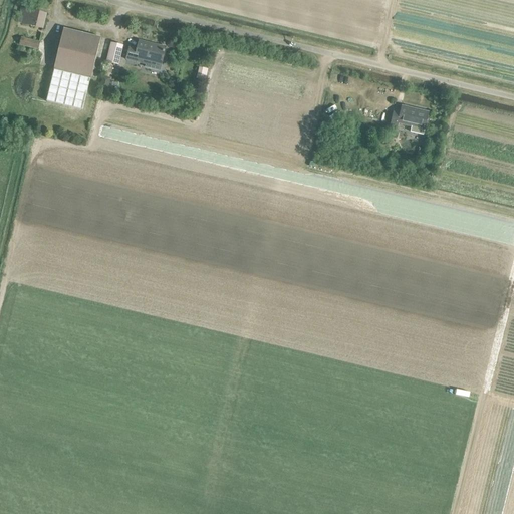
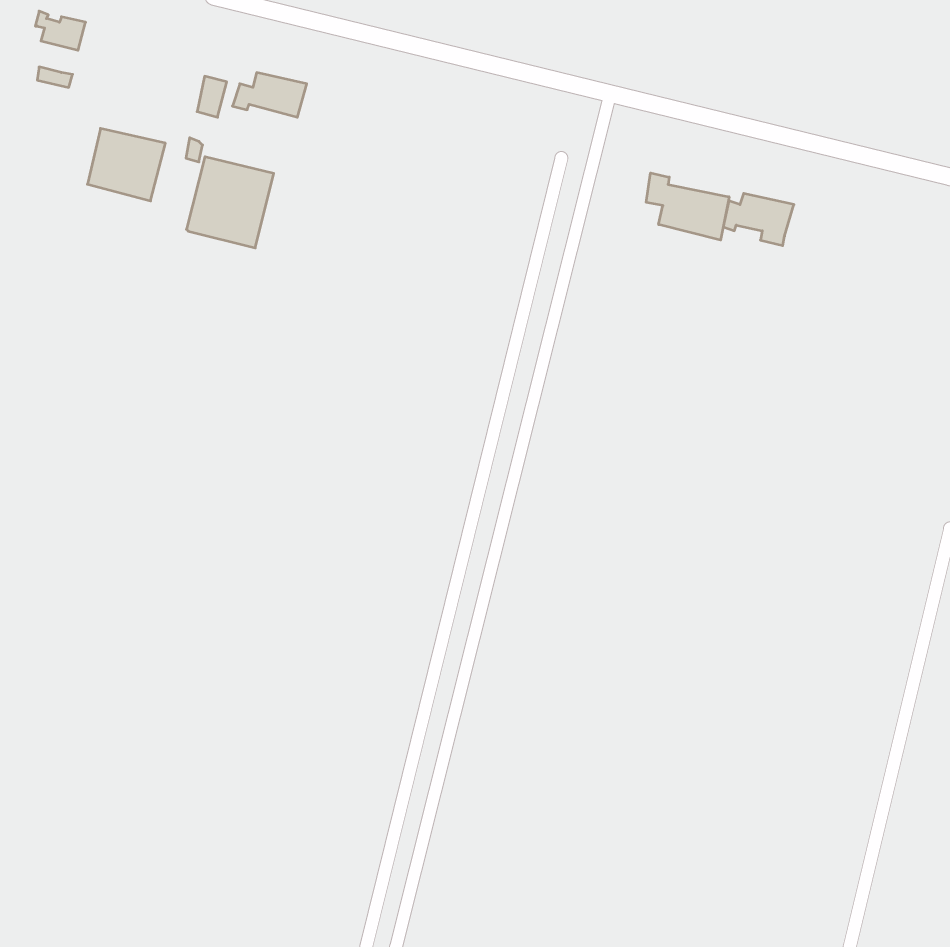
building: [53,27,100,76] -> [186,157,274,248]
building: none -> [646,173,729,240]

